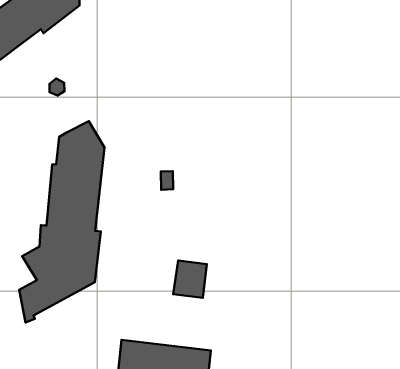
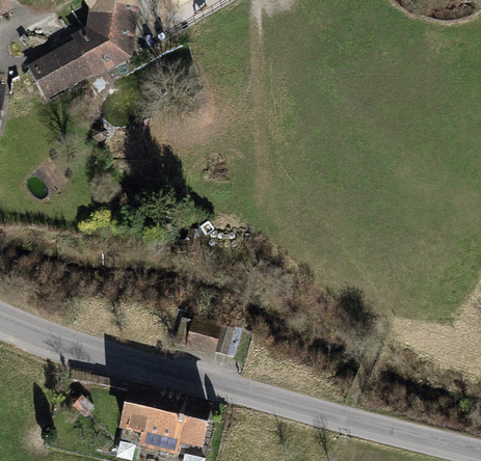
building: [19,121,105,322] -> none

